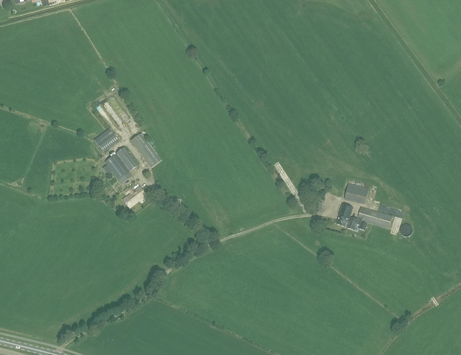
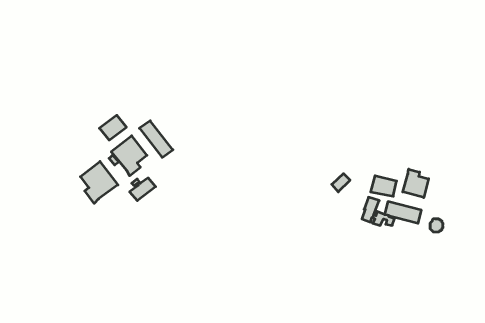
building: none -> [80,161,118,203]
building: none -> [403,169,429,198]

